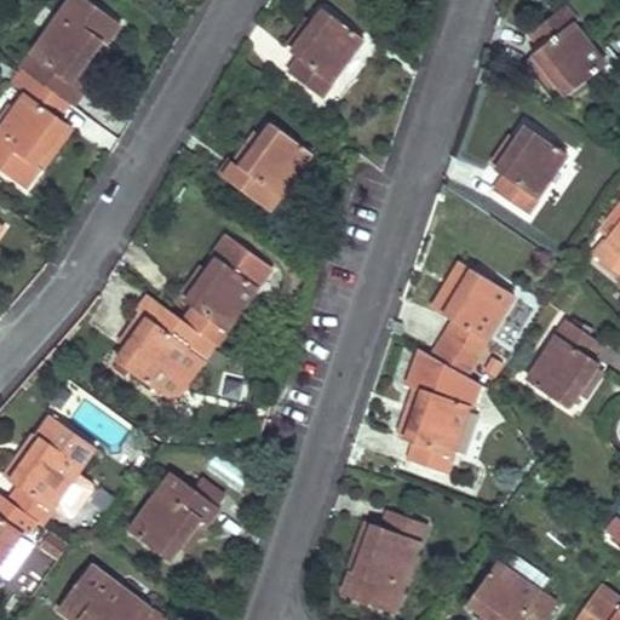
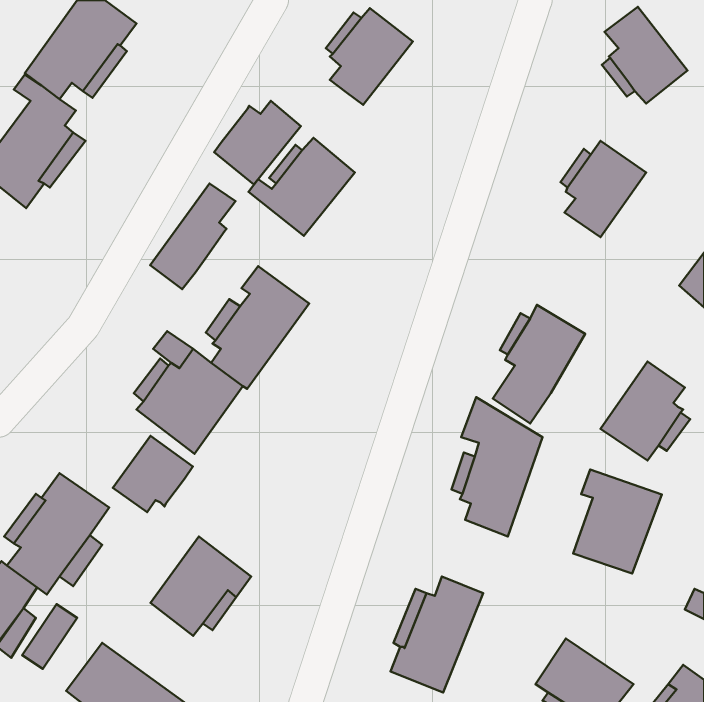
building: none -> [214,101,301,185]
building: none -> [150,184,235,289]
building: none -> [113,436,193,512]
building: none -> [573,469,662,574]

